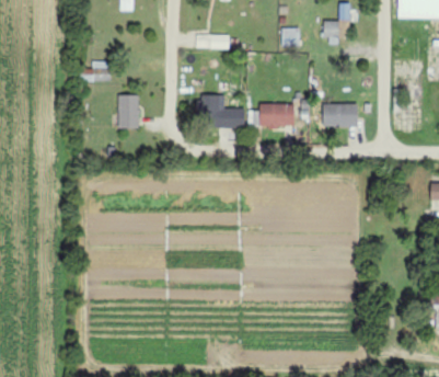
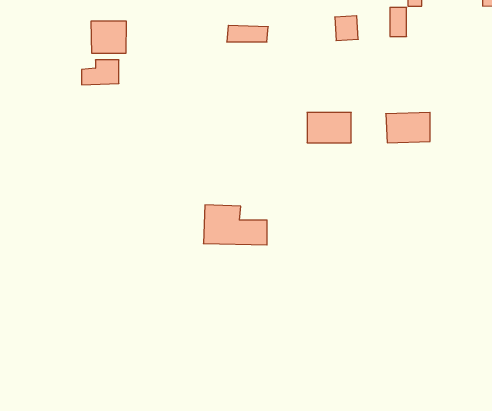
building: none -> [91,21,126,53]
building: [118,94,140,128] -> none
building: [196,95,246,127] -> [203,205,267,245]

